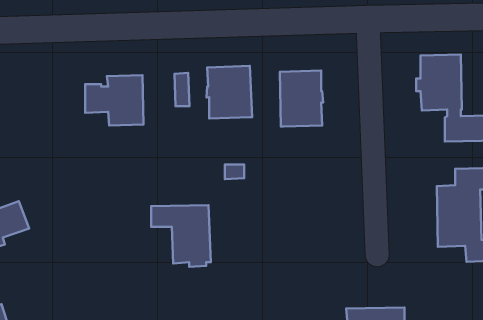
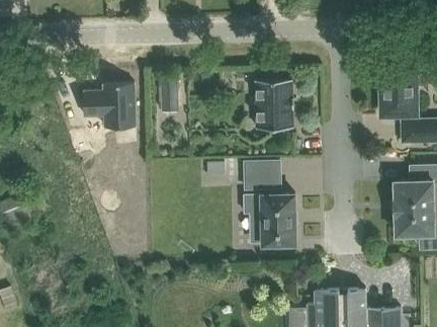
building: [207,66,252,119] -> none
building: none -> [244,162,279,189]
building: [151,205,211,267] -> [243,194,295,249]

